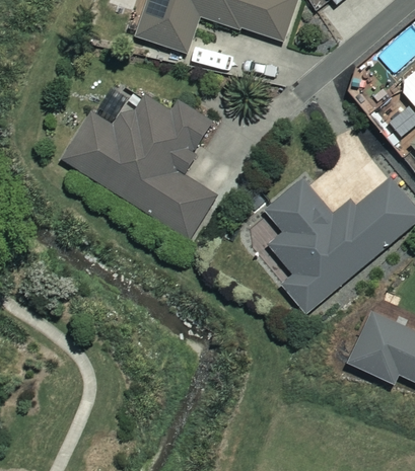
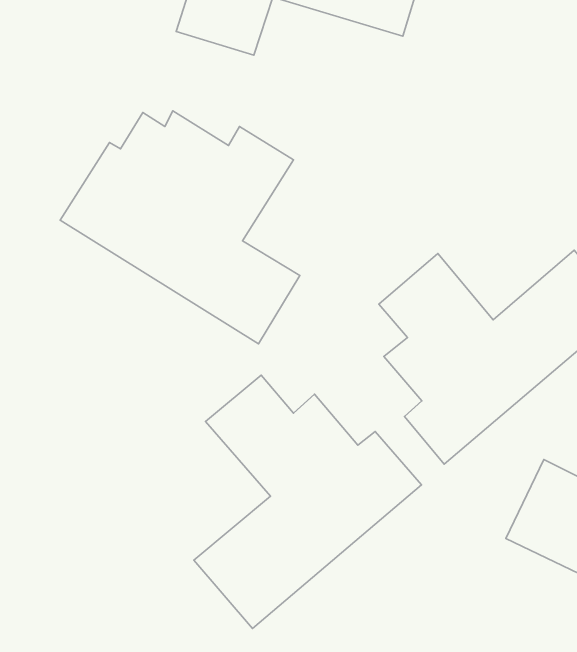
building: none -> [194,375,421,629]

